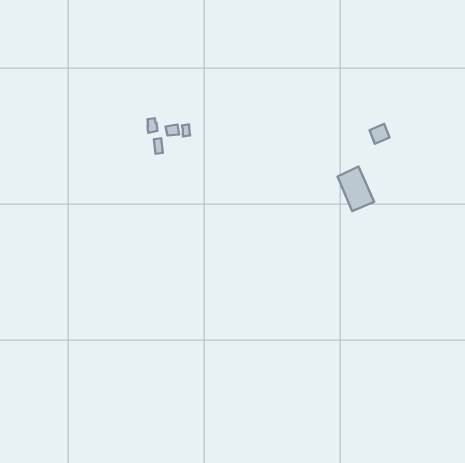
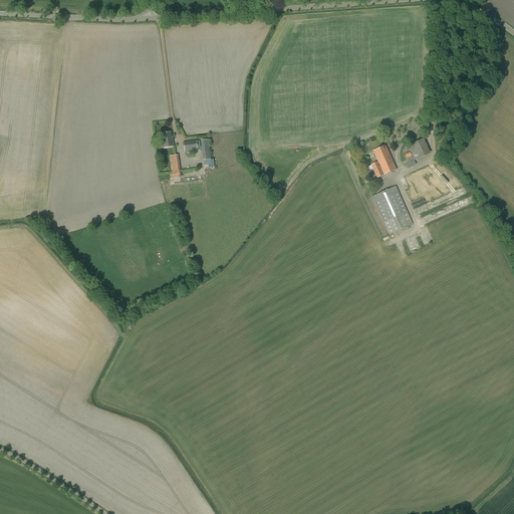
building: none -> [371,144,396,177]

